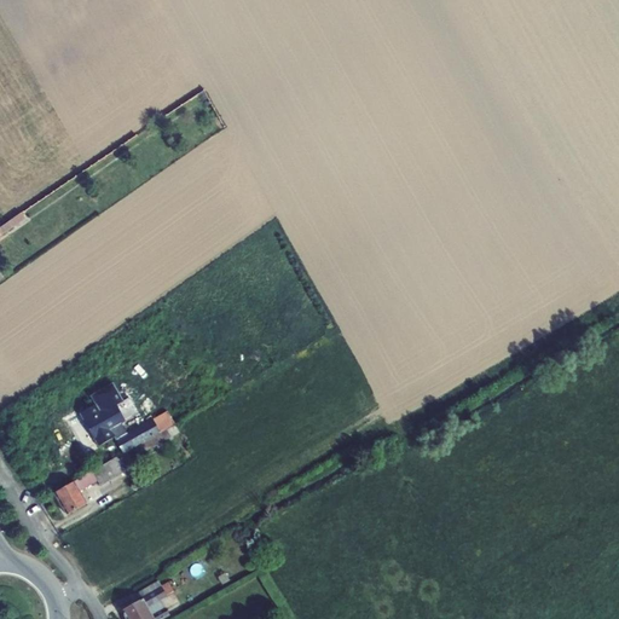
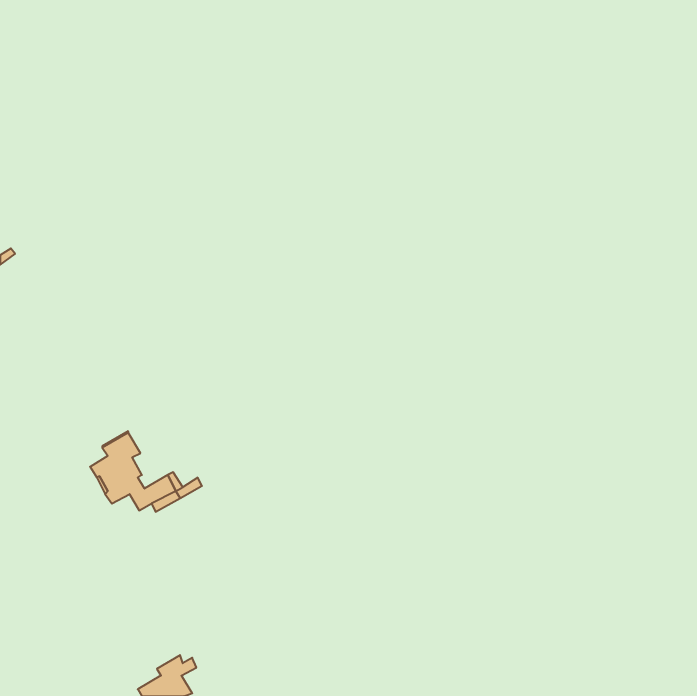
building: [54,456,126,514] -> none

